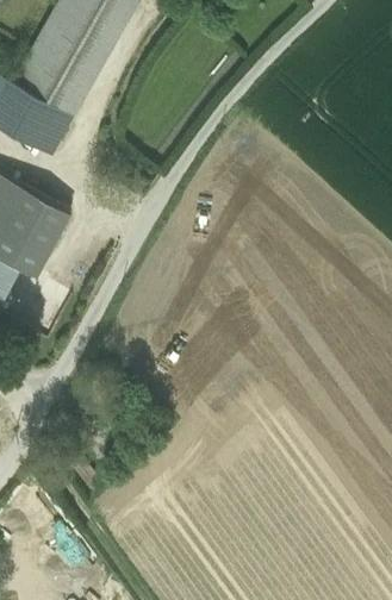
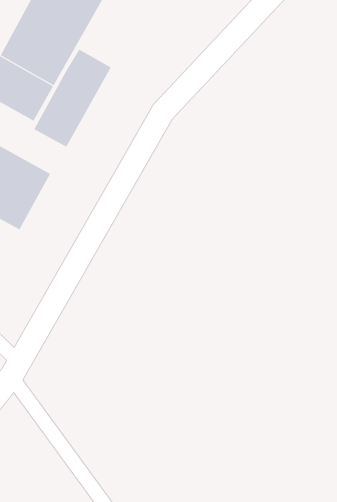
building: none -> [33,49,111,148]

